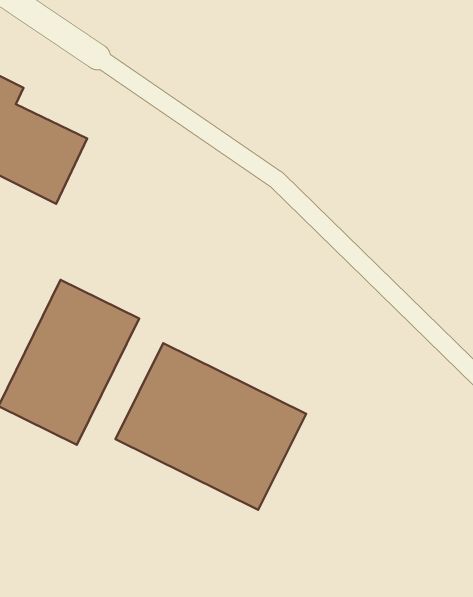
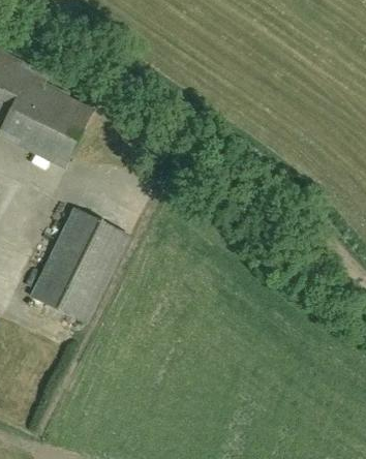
building: [116,343,306,510] -> none

